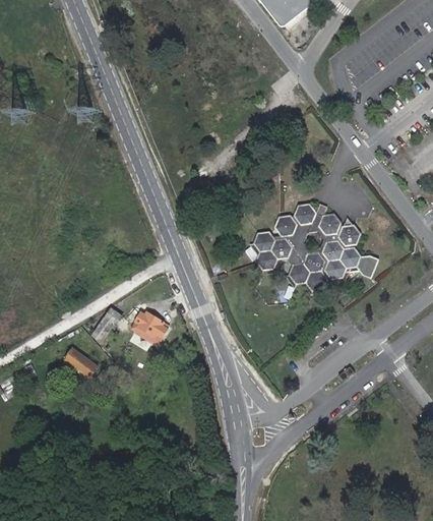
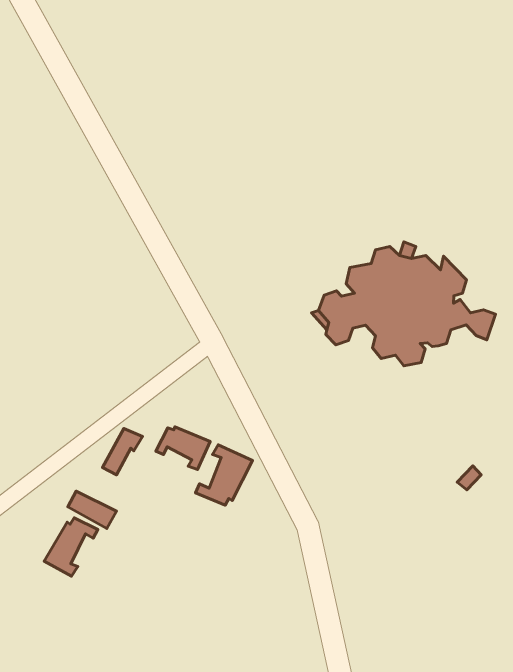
building: none -> [195,445,252,505]
building: none -> [44,518,98,576]

